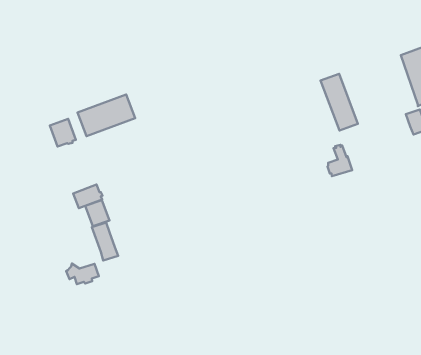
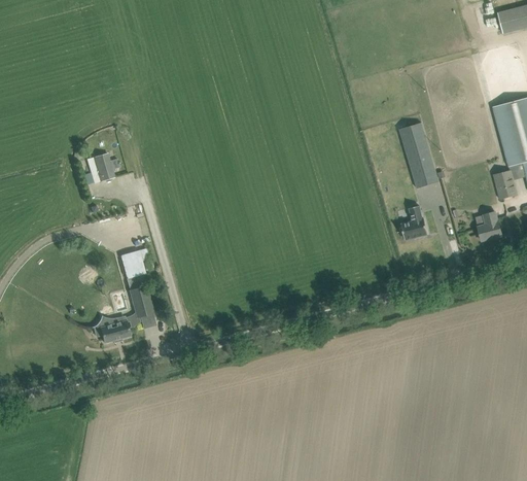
building: [78,94,135,136] -> none
building: none -> [476,212,502,241]
building: [73,185,103,208] -> none

